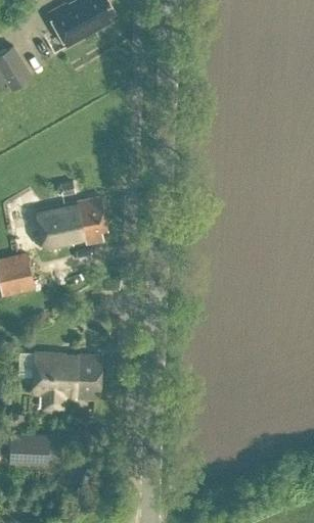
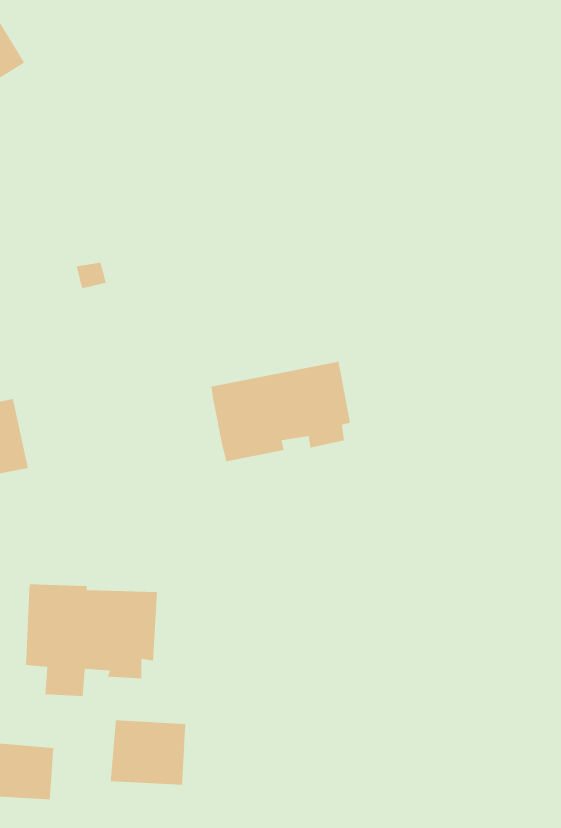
building: [34,198,107,251] -> [210,361,351,462]
building: none -> [110,720,186,785]

